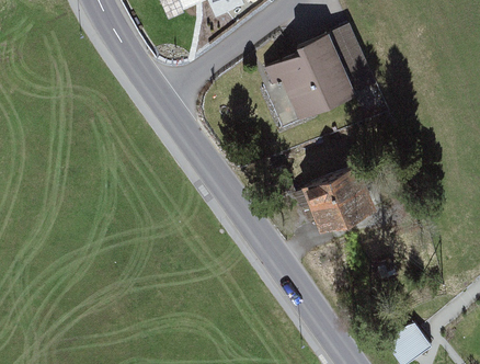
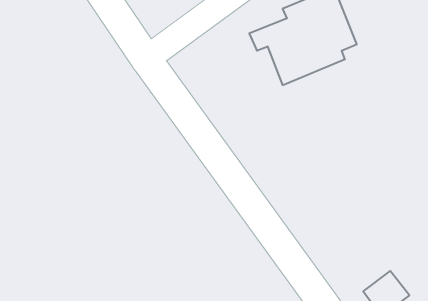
building: [302,167,376,238] -> none

